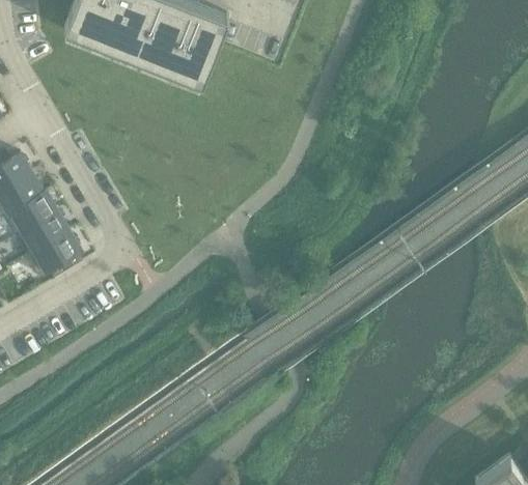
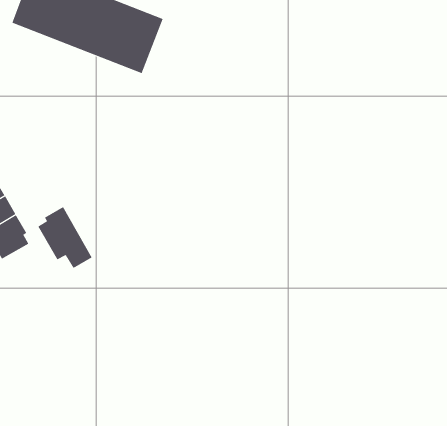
building: none -> [37,206,93,269]

